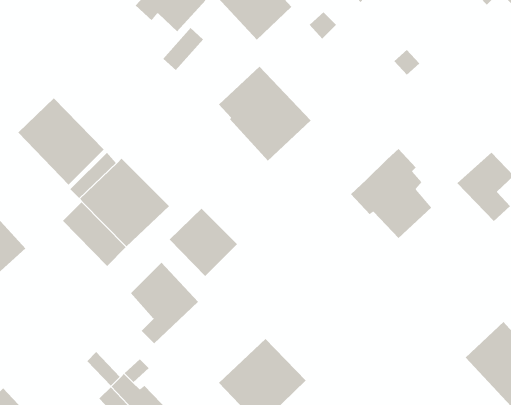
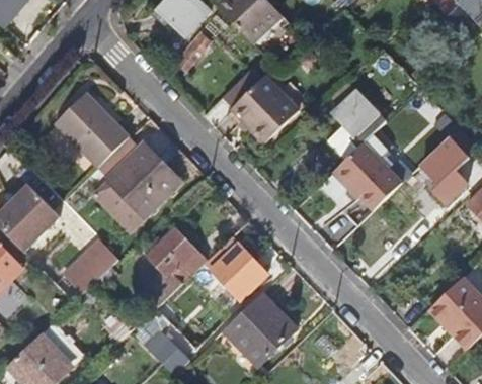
building: none -> [326,91,377,160]
building: [169,208,238,277] -> [211,243,268,300]
building: none -> [61,237,118,294]

